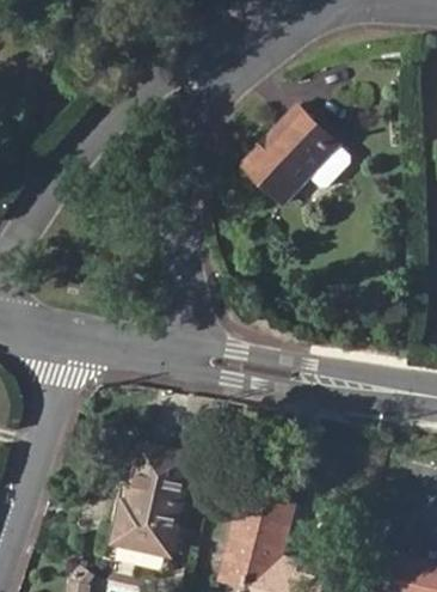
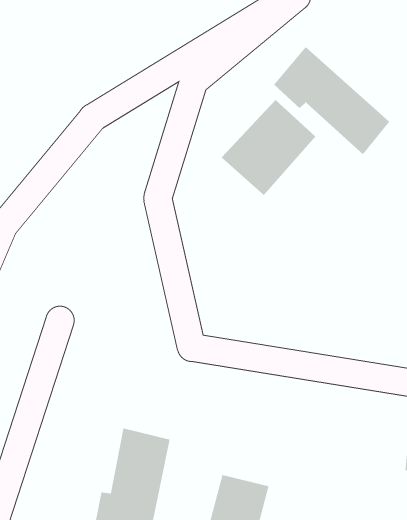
building: none -> [273,46,390,155]

